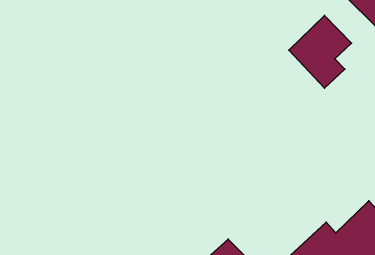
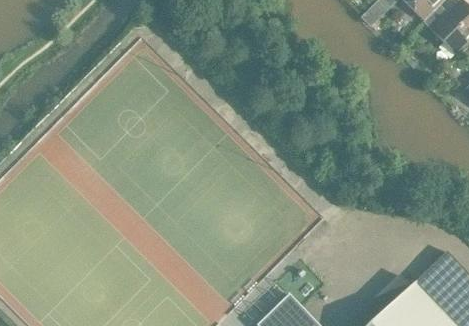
building: [289,16,352,88] -> none

